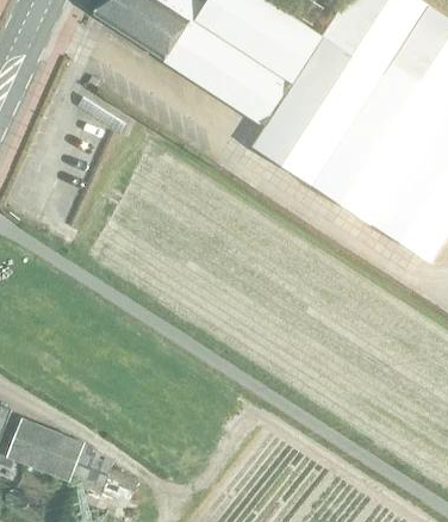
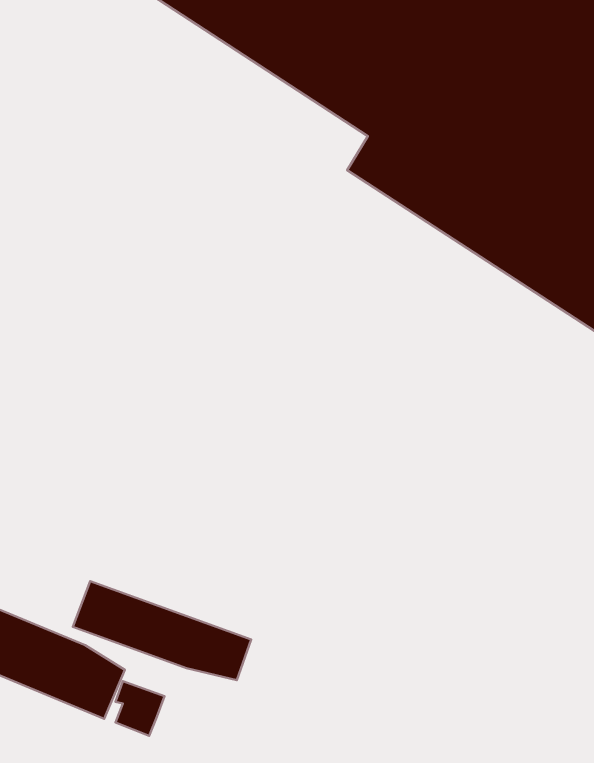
building: none -> [73,581,251,680]

